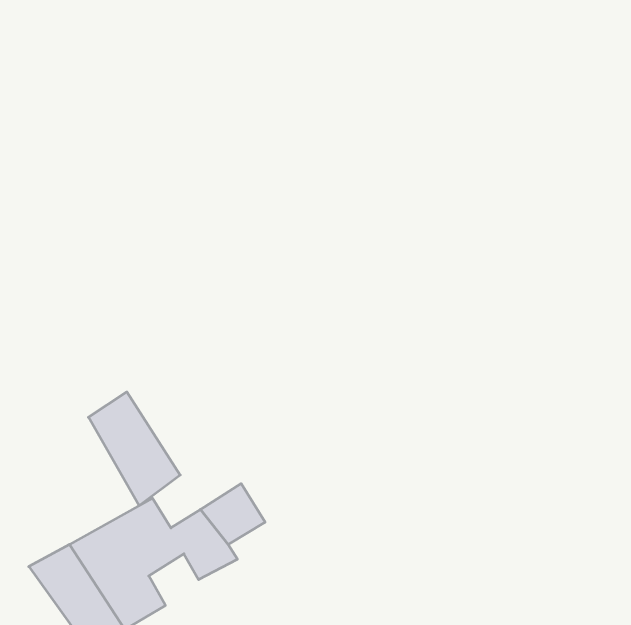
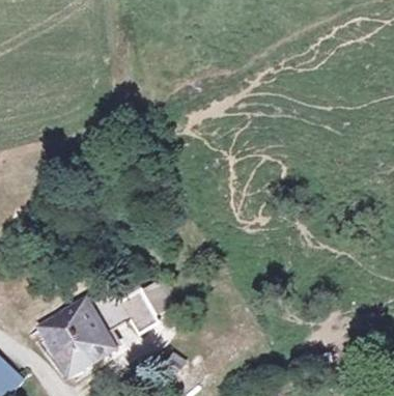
building: [88,392,180,506] -> none

